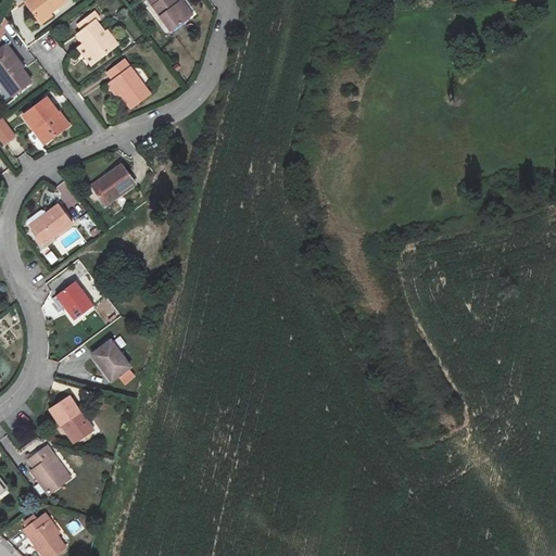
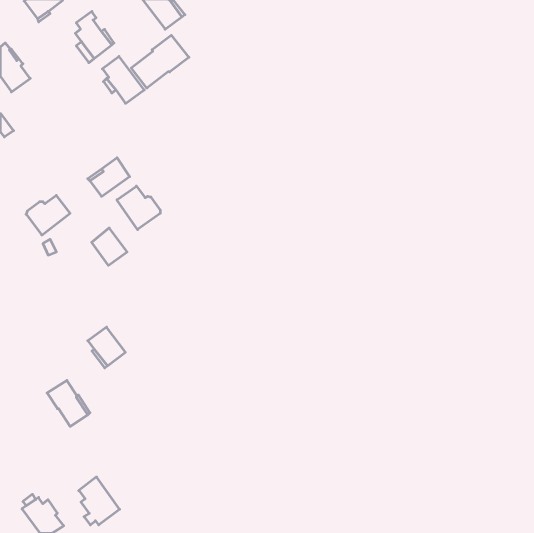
building: none -> [131,35,189,88]
building: [23,98,68,140] -> none
building: none -> [117,186,160,230]
building: [56,280,93,319] -> [92,228,127,265]
building: [28,444,71,494] -> [79,477,120,525]

